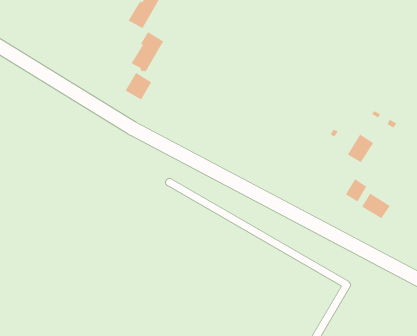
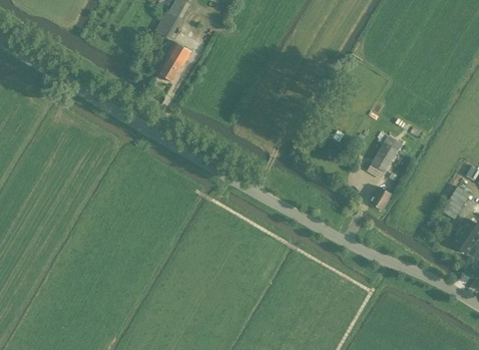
building: [124,72,152,101] -> none
building: [361,193,391,219] -> none

